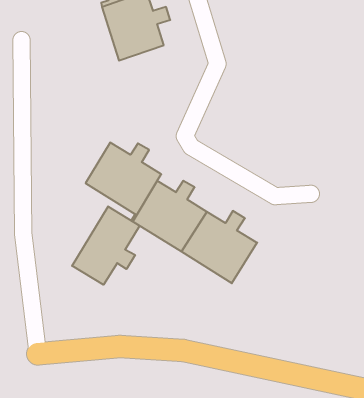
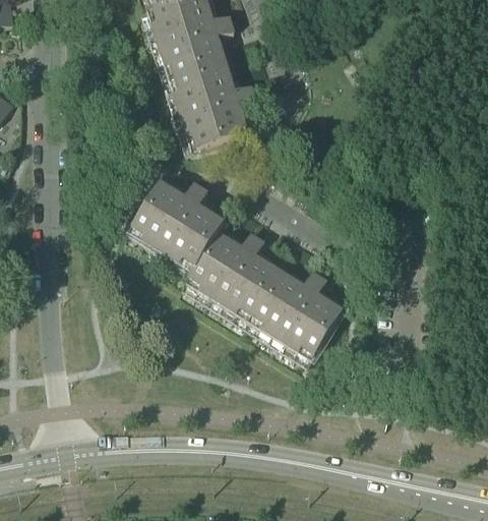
building: none -> [169,60,255,150]
building: [72,206,140,285] -> none

